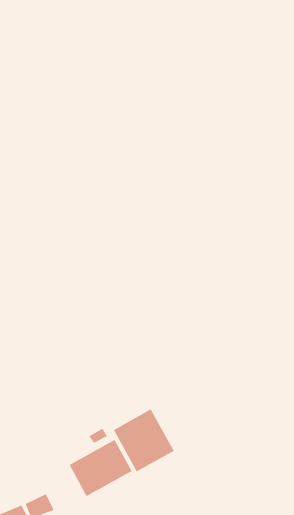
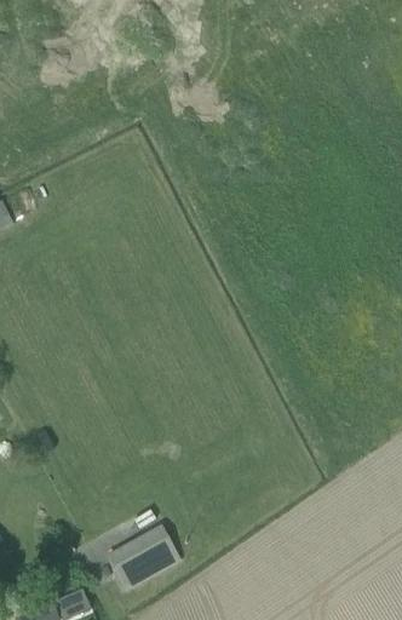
building: [113,409,174,472] -> none

